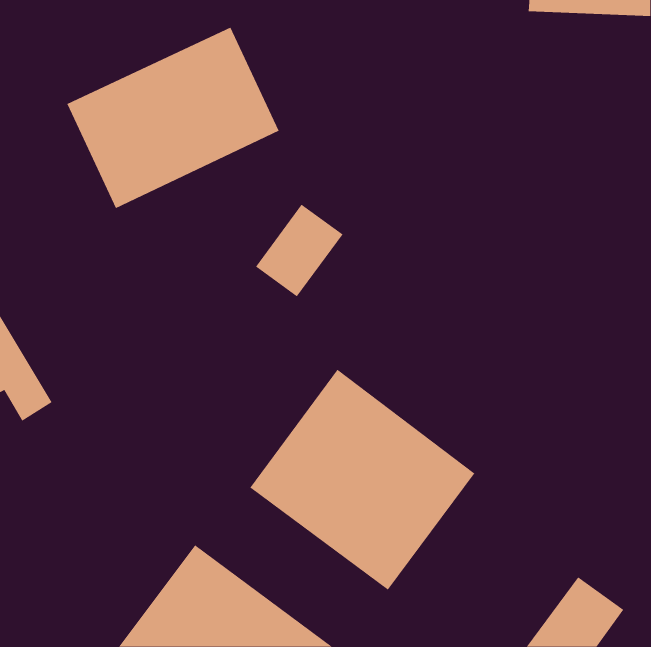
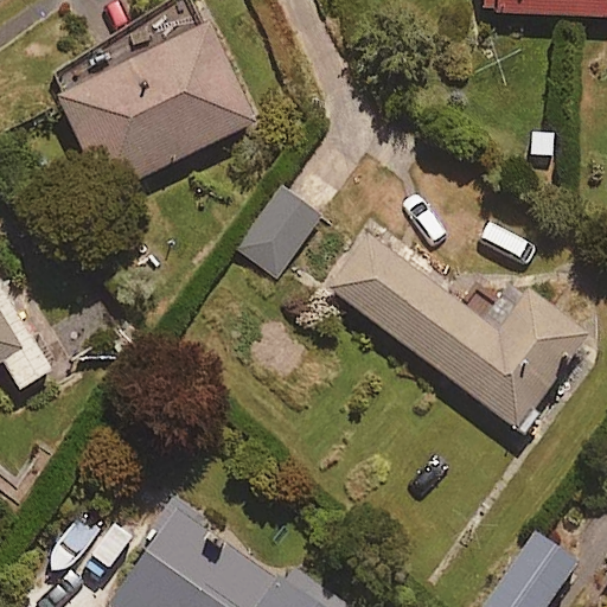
building: none -> [320,215,588,430]
building: [250,369,475,590] -> none

